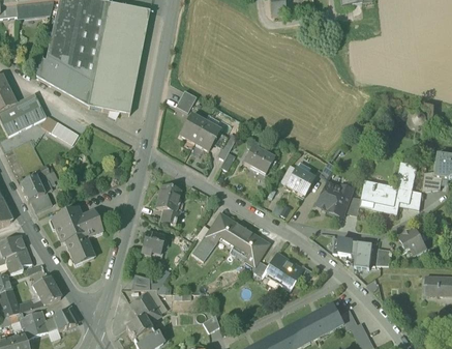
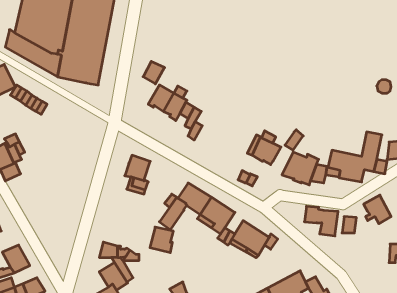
building: [245,143,275,174] -> none
building: [52,207,101,261] -> none
building: [141,231,164,257] -> [150,227,173,253]

